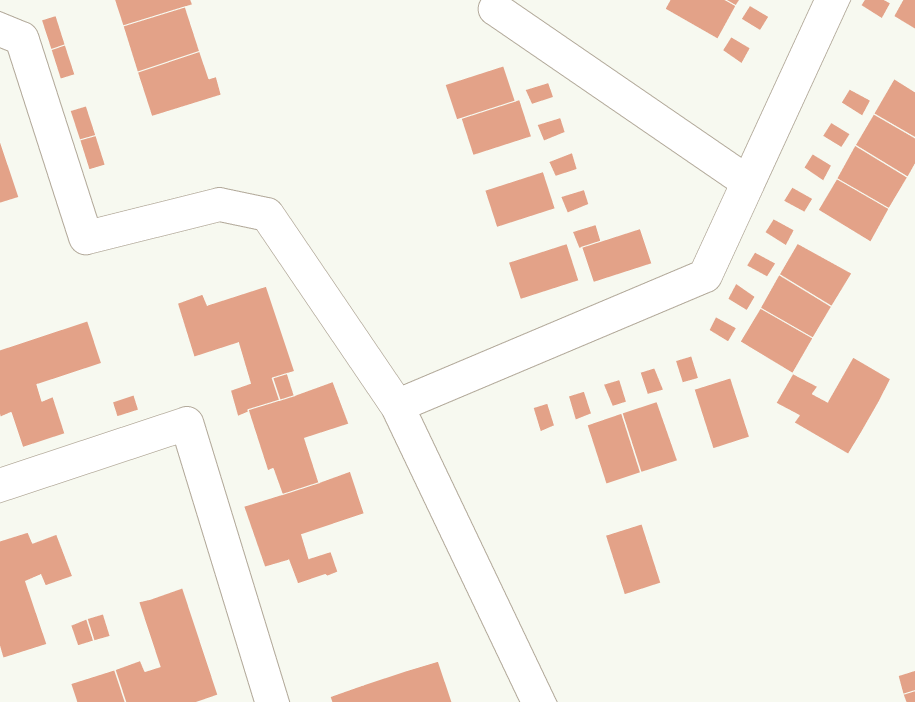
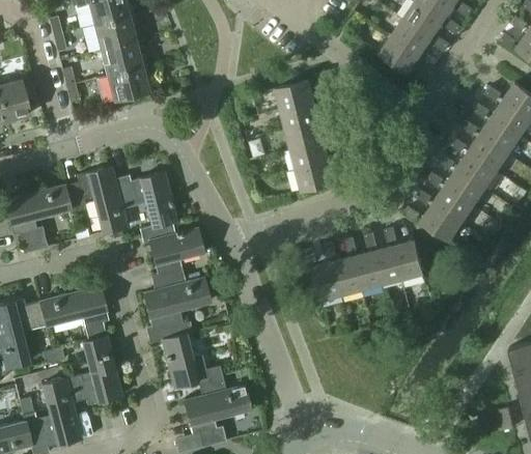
building: none -> [380,35,420,72]
building: [445,66,516,120] -> [281,101,319,129]
building: none -> [95,66,148,105]
building: none -> [456,151,497,188]
building: [581,229,652,283] -> [291,141,330,169]
building: none -> [63,167,125,233]
building: [776,357,891,455] -> none
building: none -> [373,246,402,284]
building: none -> [38,286,108,341]
building: [605,524,661,595] -> [313,261,342,300]
building: none -> [161,334,225,396]

